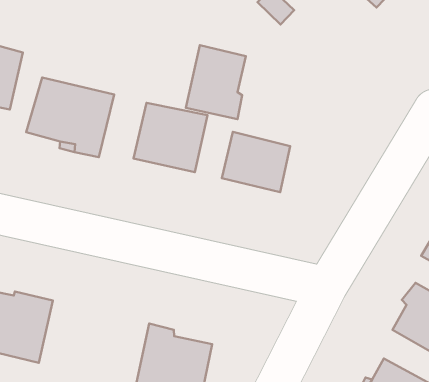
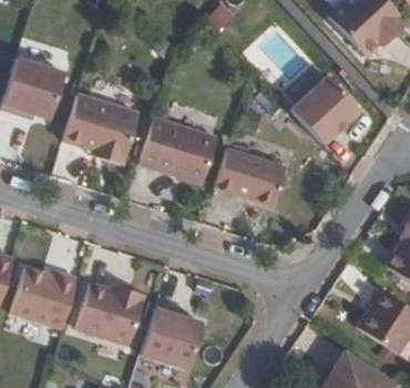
building: none -> [291,76,358,143]
building: [186,45,246,119] -> none
building: none -> [75,285,143,347]

